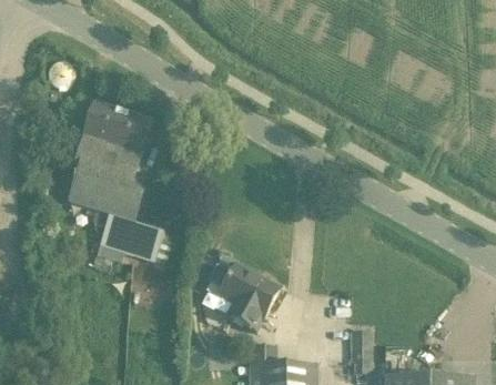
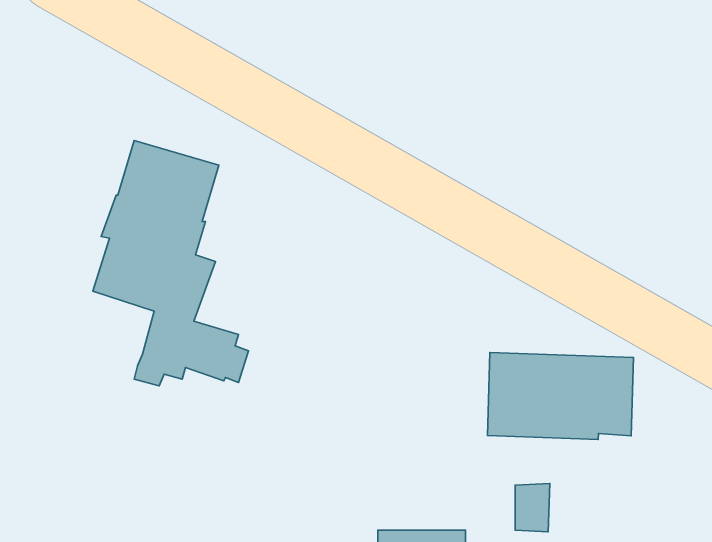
building: none -> [488,353,633,440]
building: [206,255,280,330] -> none

